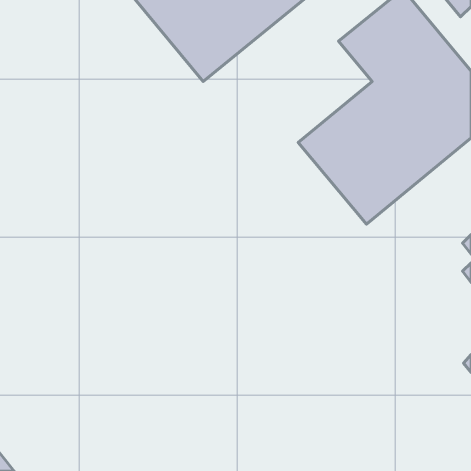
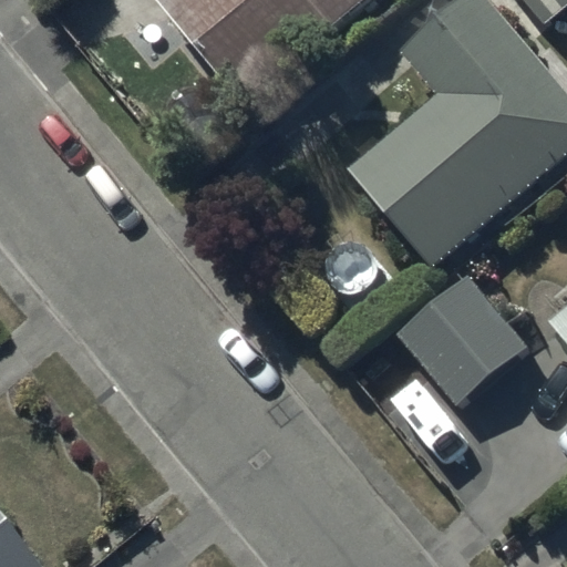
building: none -> [396,274,524,401]

